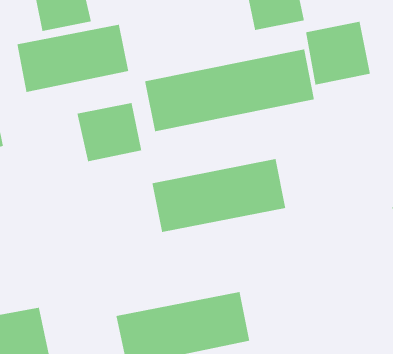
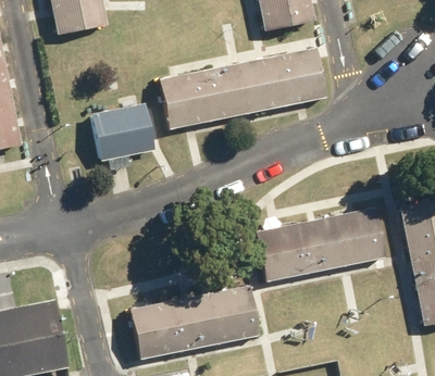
building: [305,21,371,86] -> none
building: [17,24,129,93] -> none
building: [151,158,286,233] -> [256,209,387,281]

